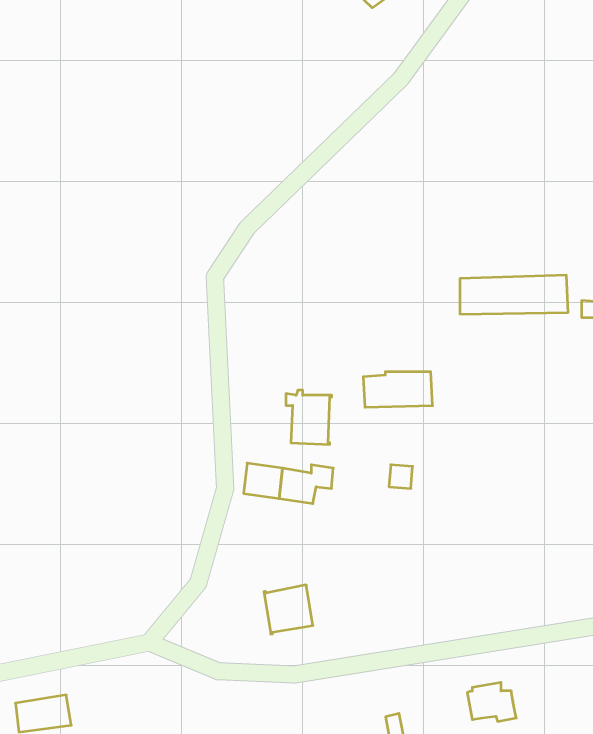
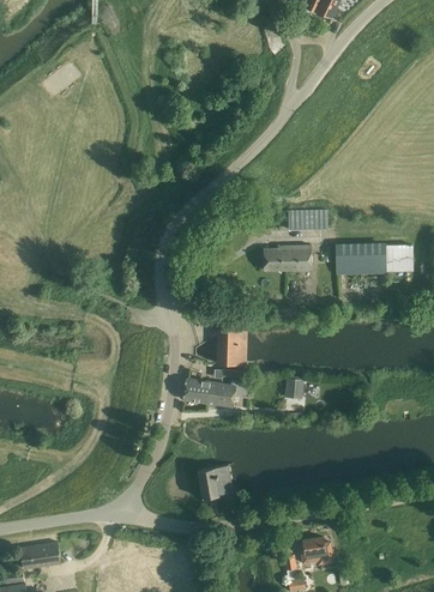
building: none -> [288,210,328,229]
building: [363,372,433,407] -> [263,246,312,271]
building: [467,682,516,721] -> [300,537,334,564]

